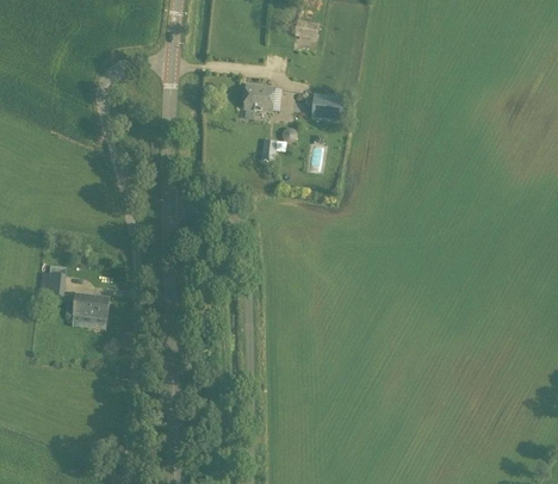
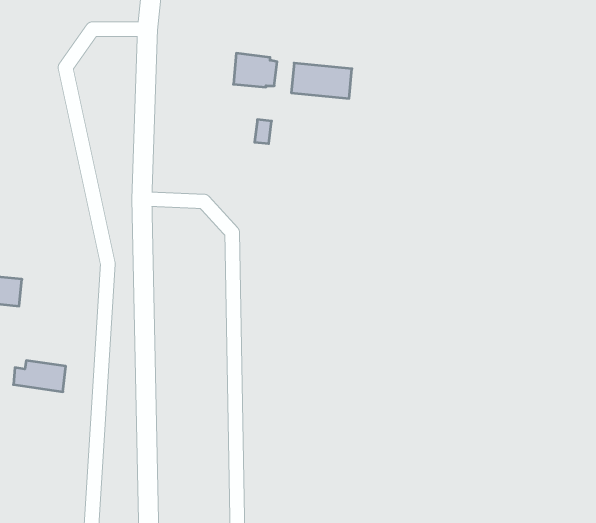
building: [64,293,108,319] -> [13,361,66,392]

